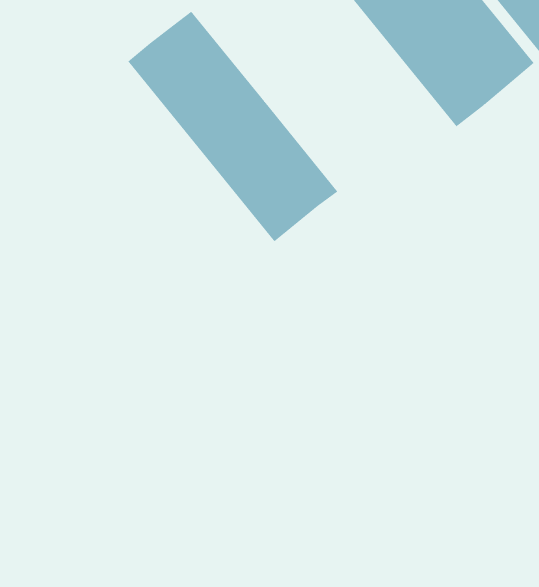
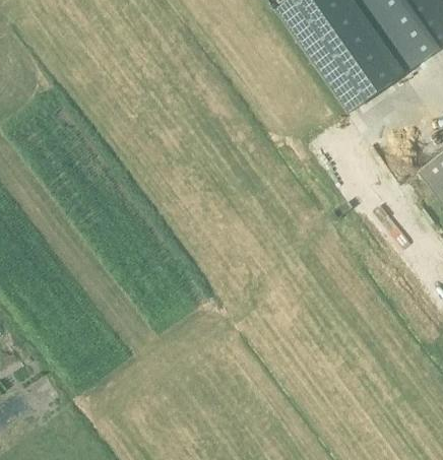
building: [128,11,338,242] -> none

